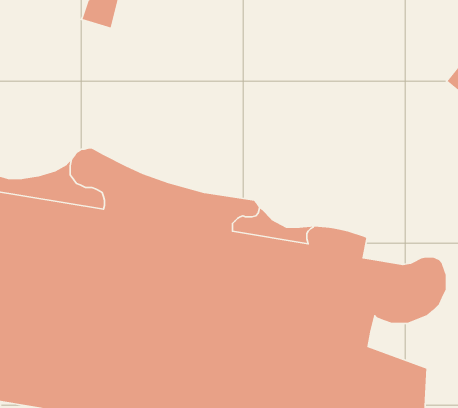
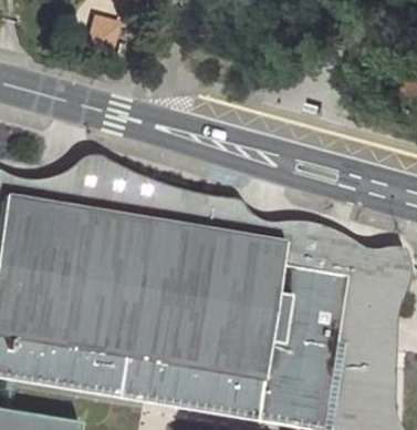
building: none -> [336,297,398,352]

